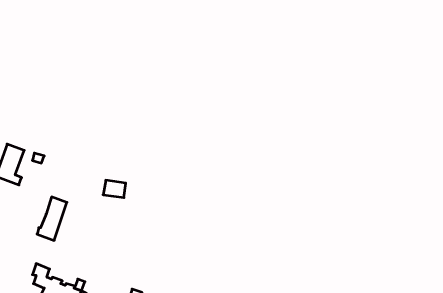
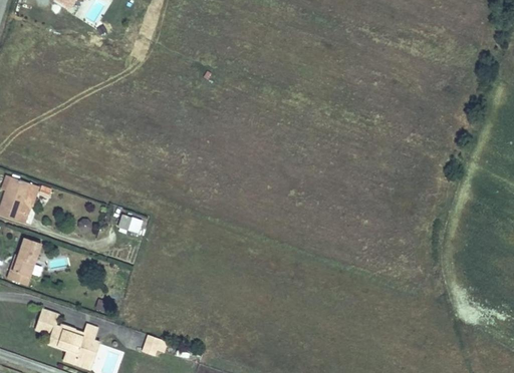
building: [37,197,67,240] -> [7,236,40,284]

